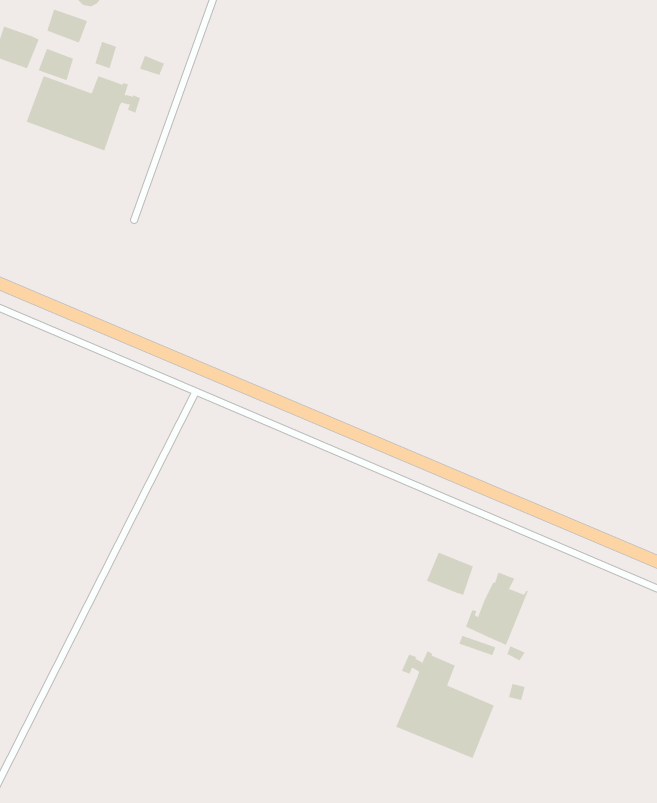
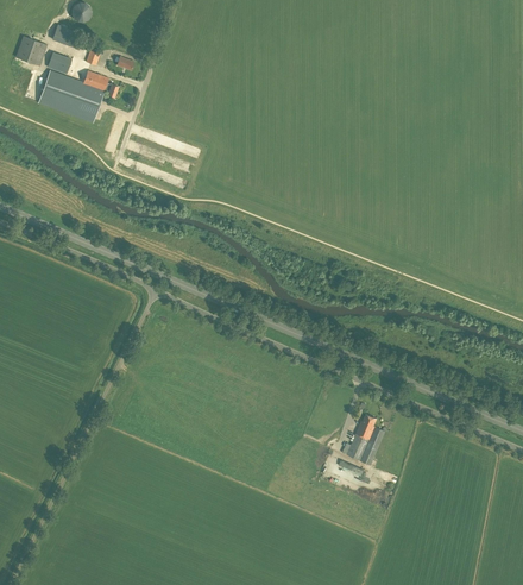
building: [426,552,473,595] -> none
building: [395,650,495,759] -> none

